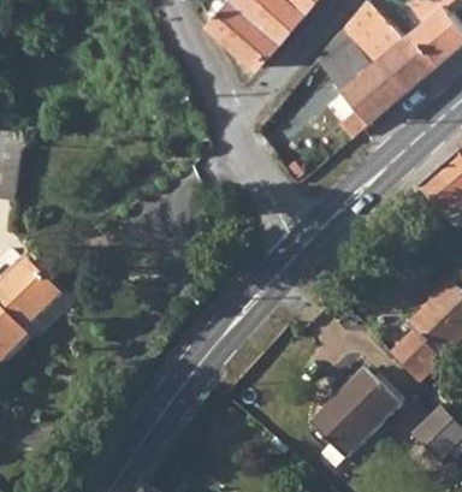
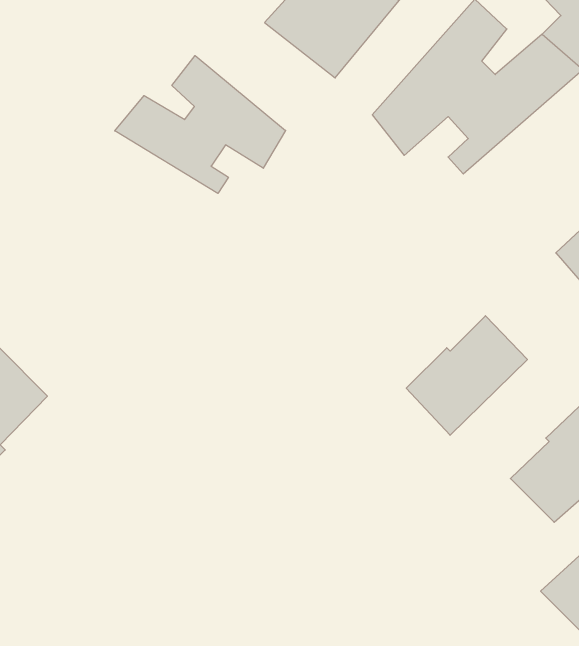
building: none -> [115,56,286,193]
building: [313,371,399,456] -> [406,316,527,435]

